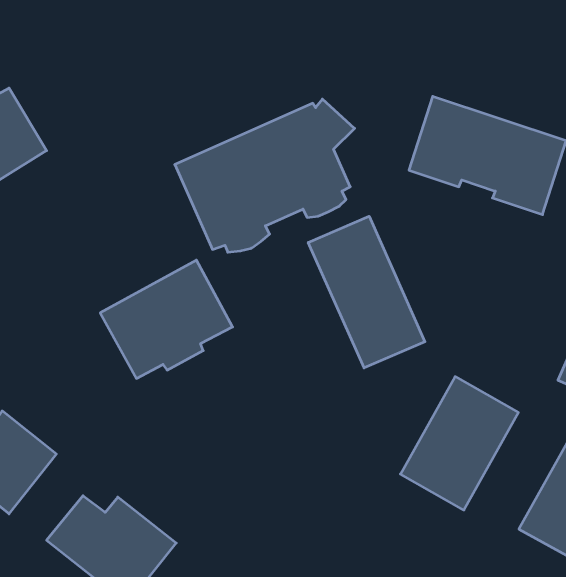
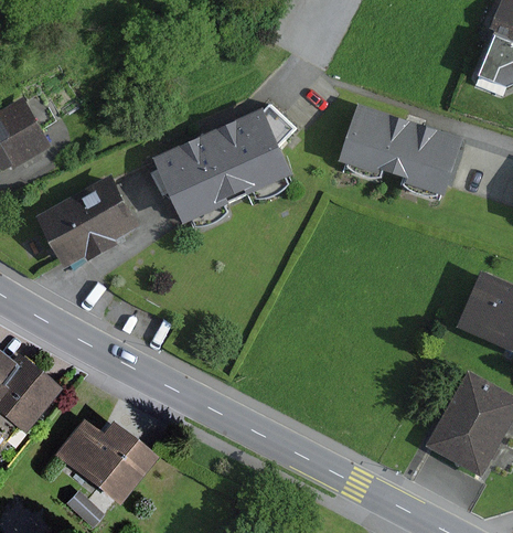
building: [308,216,425,368] -> none
building: [100,260,233,378] -> [36,173,141,267]
building: [400,377,518,510] -> none

